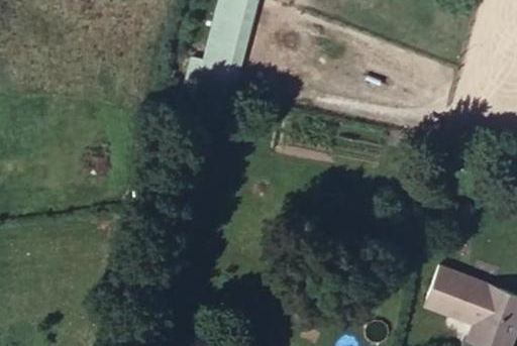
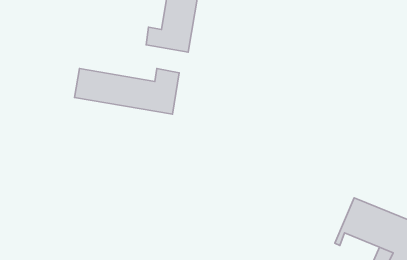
building: none -> [75,68,179,114]

